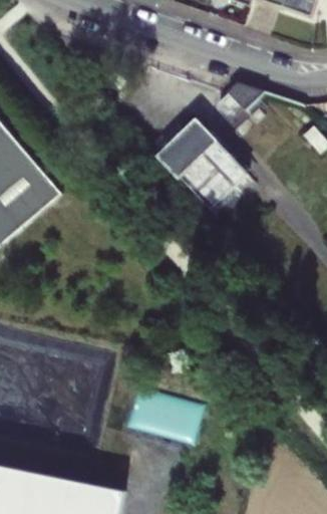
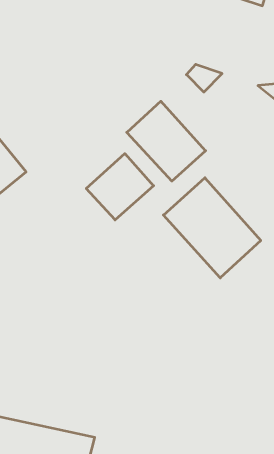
building: none -> [86,154,154,220]
building: none -> [163,178,261,278]

